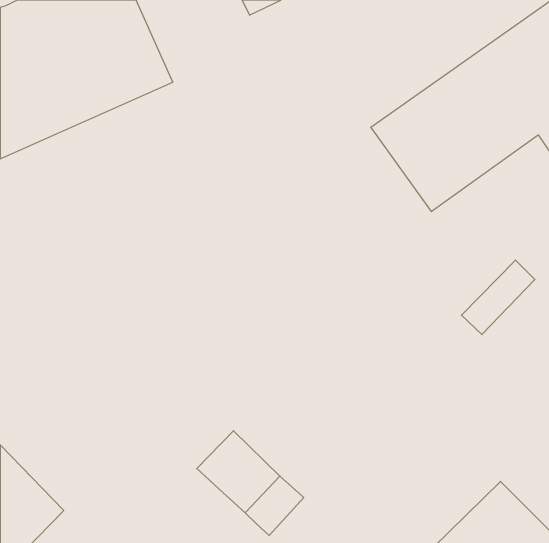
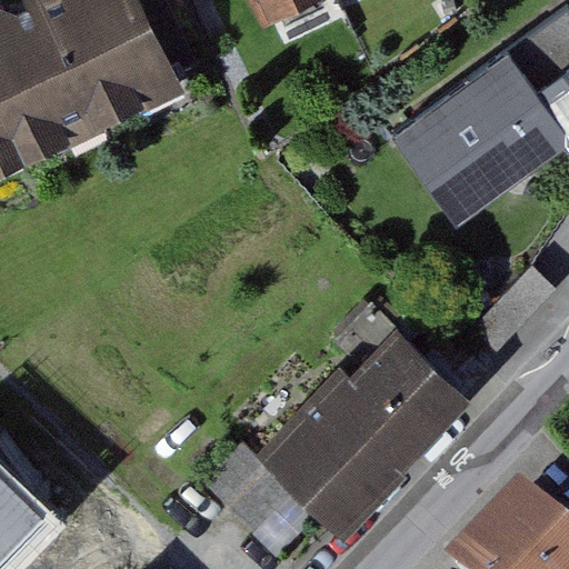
building: none -> [257,320,492,533]

